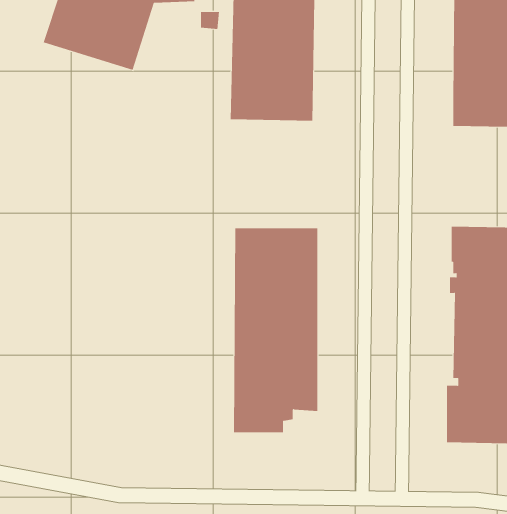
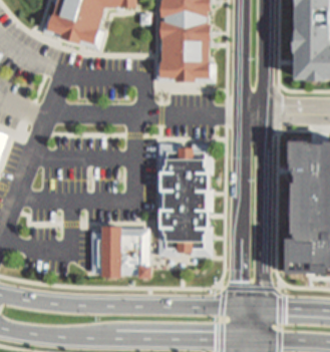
building: none -> [91,226,148,272]

